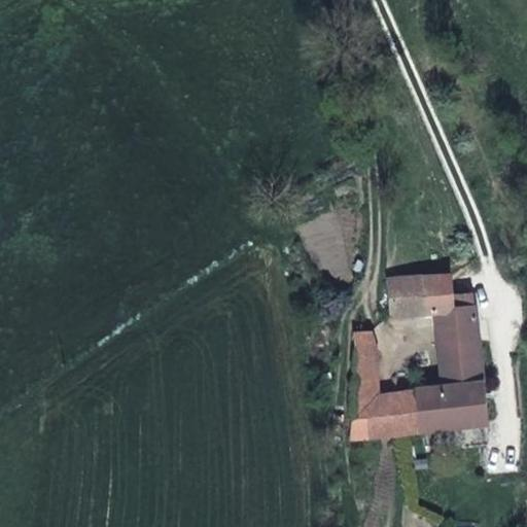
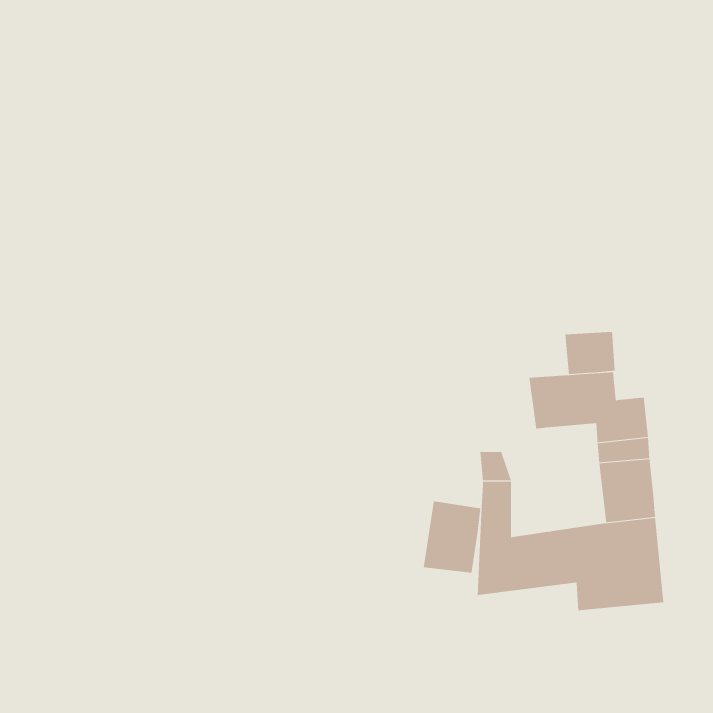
building: none -> [565,331,615,375]
building: none -> [423,501,481,574]

